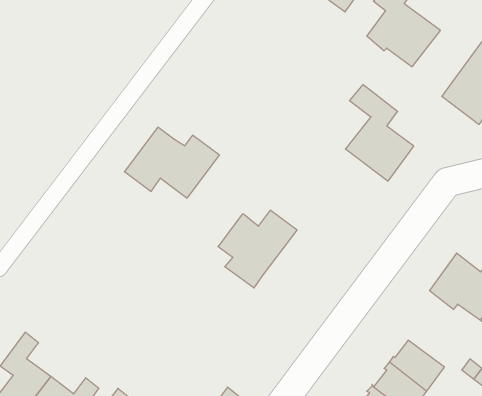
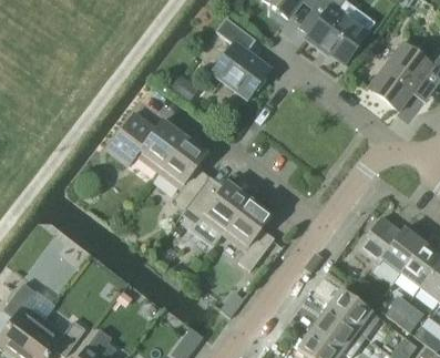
building: [345,85,414,181] -> [212,17,268,96]
building: none -> [157,135,209,211]
building: none -> [221,197,274,269]

